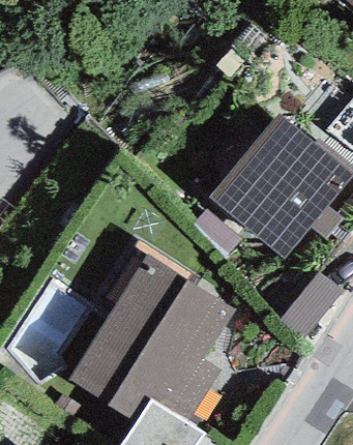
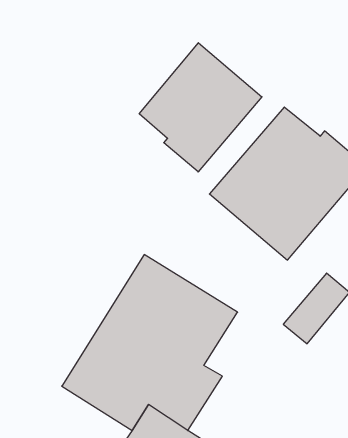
building: none -> [139,43,262,172]

